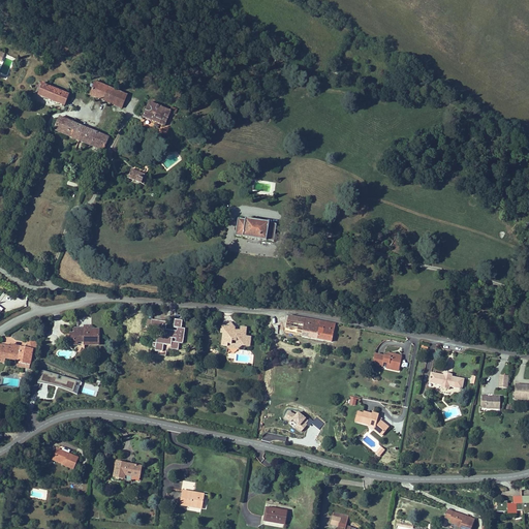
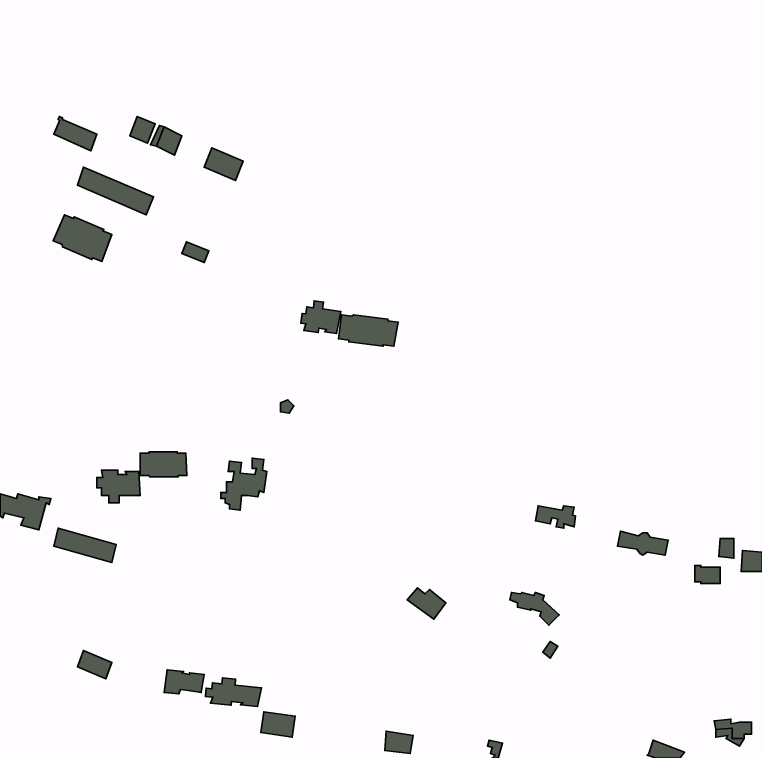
building: none -> [53,215,112,262]
building: none -> [301,301,341,333]
building: none -> [140,452,187,477]
building: [283,313,334,338] -> none
building: [220,322,249,343] -> none
building: none -> [205,678,261,707]

